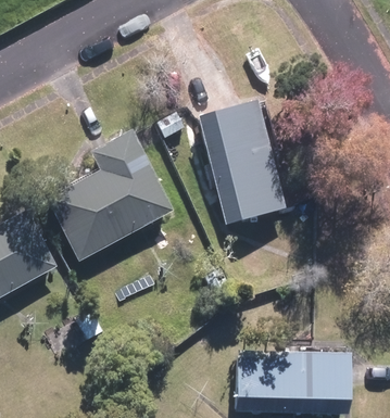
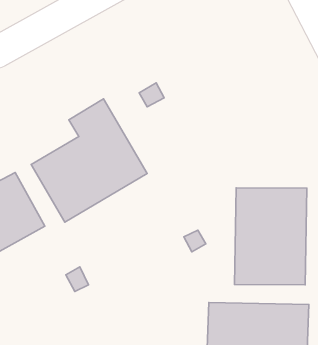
building: [196,98,287,224] -> none
building: none -> [234,188,307,285]

